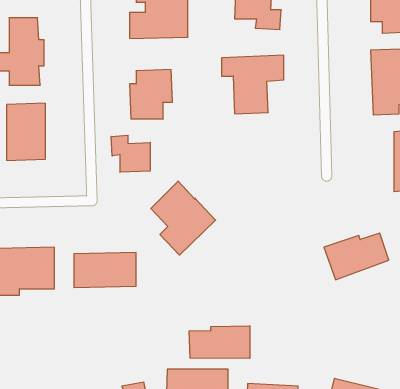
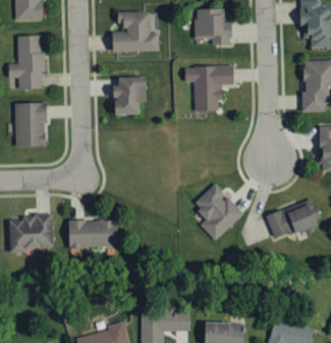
building: [111,135,150,172] -> none
building: [151,181,216,255] -> [192,183,243,241]
building: [189,326,250,358] -> none

